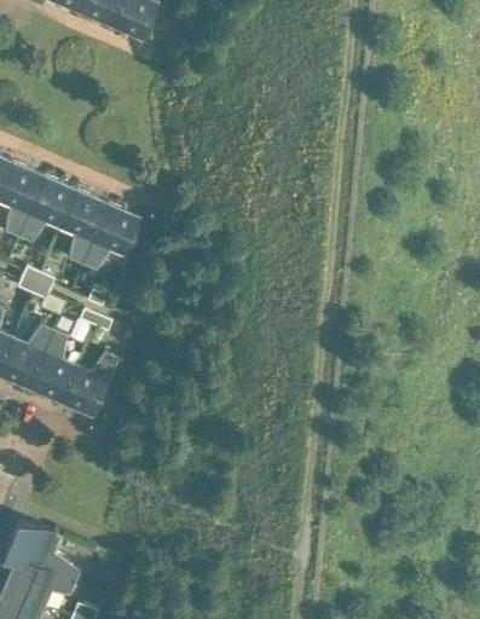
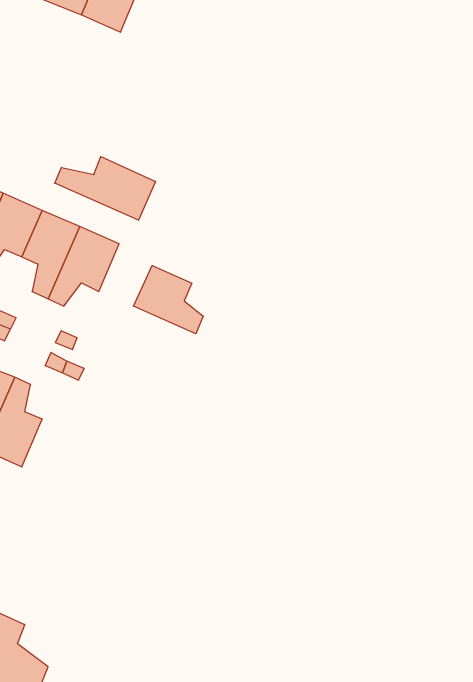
building: none -> [55,157,156,220]
building: none -> [134,266,203,334]
building: [59,351,117,417] -> none

